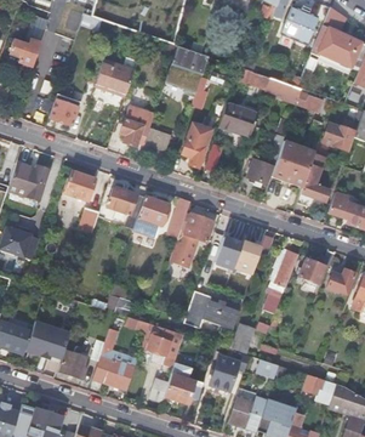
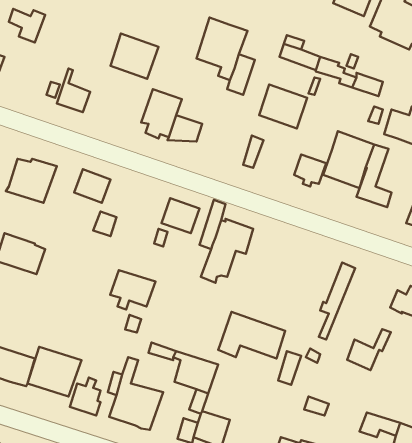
building: [182,125,211,166] -> none
building: [107,186,144,218] -> [110,270,155,309]
building: [216,233,263,274] -> none
building: [300,249,336,283] -> [347,329,391,370]
building: [210,351,250,391] -> none

